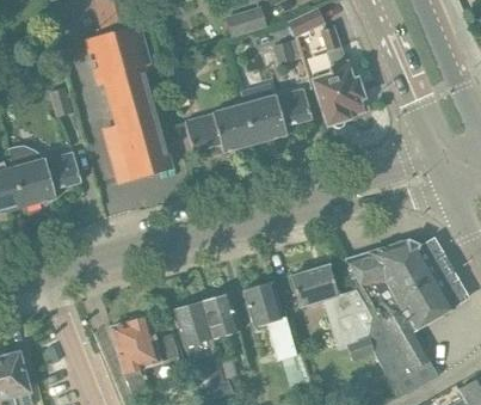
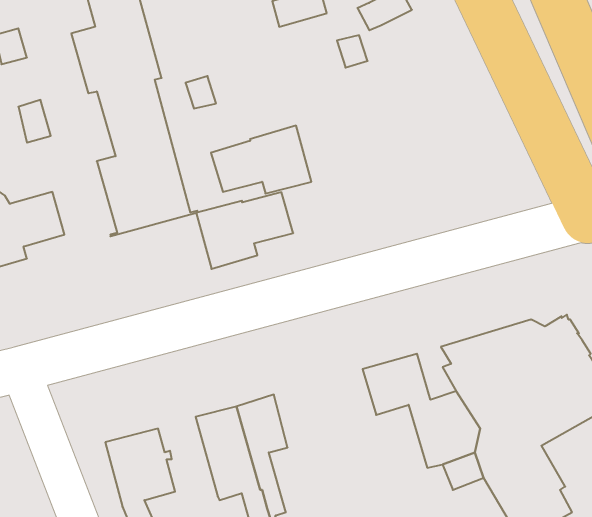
building: [312,25,362,123] -> none
building: [243,90,312,143] -> [196,192,293,269]
building: [242,281,295,360] -> none

